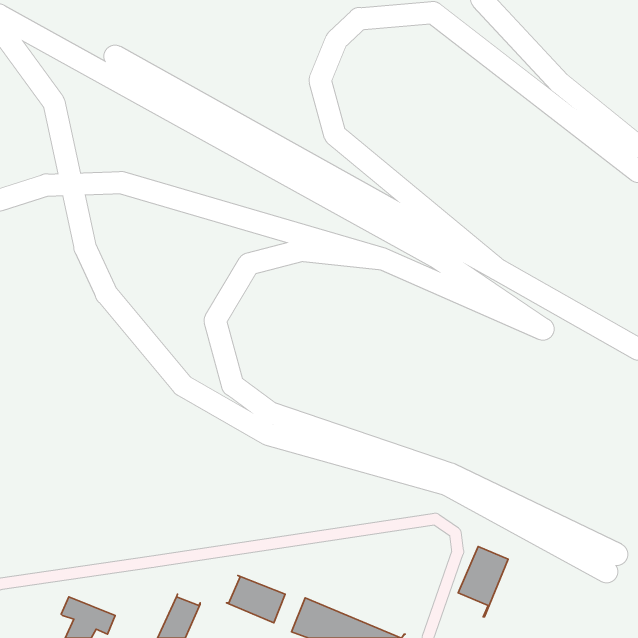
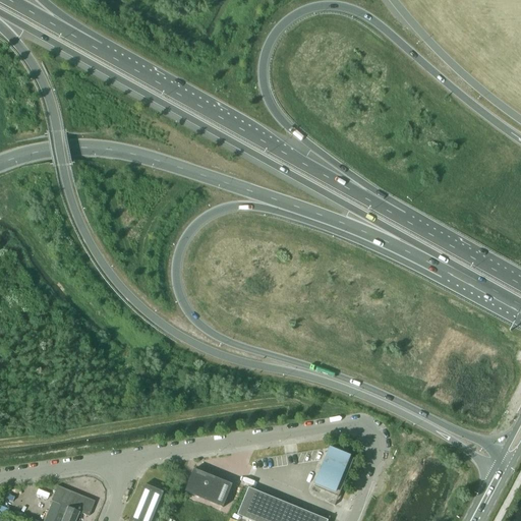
building: [458,547,508,617] -> [312,448,353,505]

